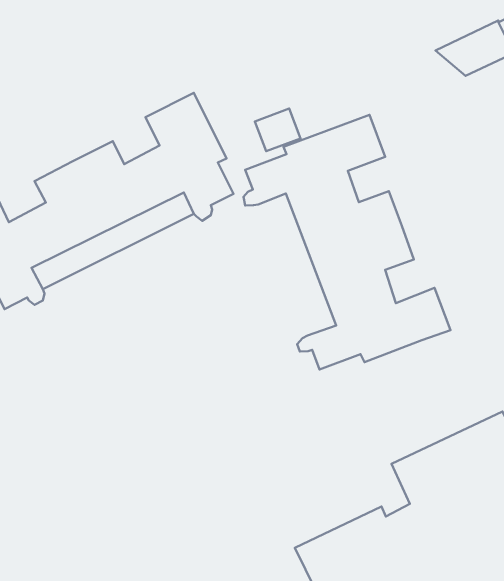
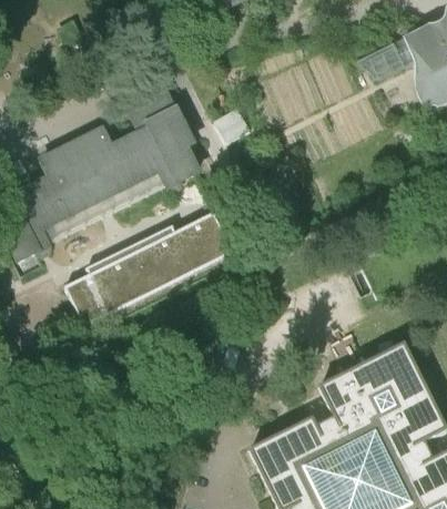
building: [244,115,450,370] -> none
building: none -> [64,213,234,328]

